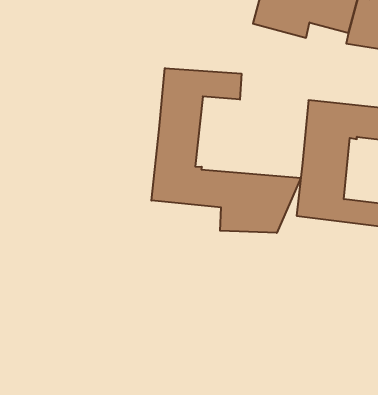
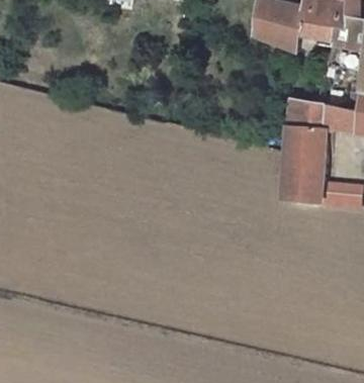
building: [151,68,301,233] -> none

